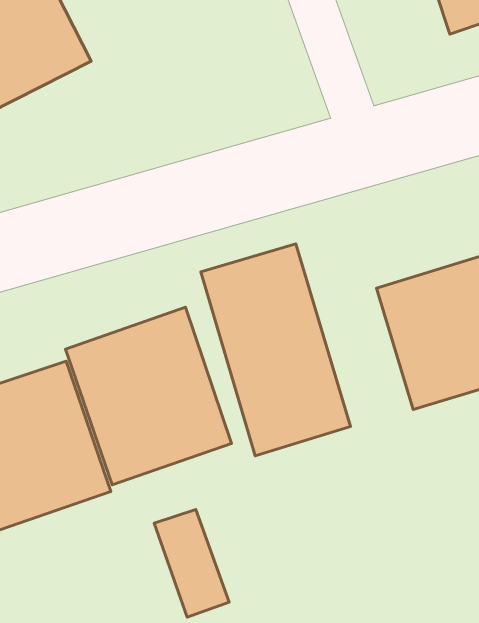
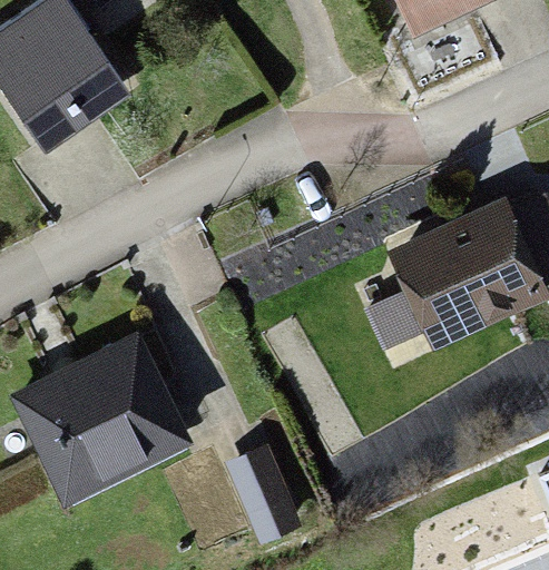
building: [201,244,351,456] -> none
building: [65,307,232,485] -> none

